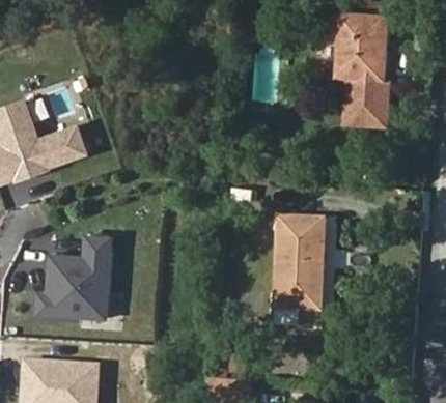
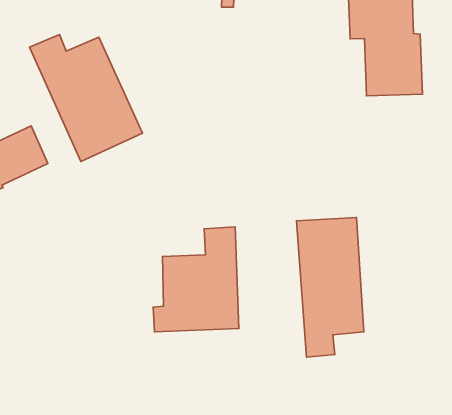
building: none -> [29,34,142,162]
building: [37,236,110,318] -> [153,227,239,332]

